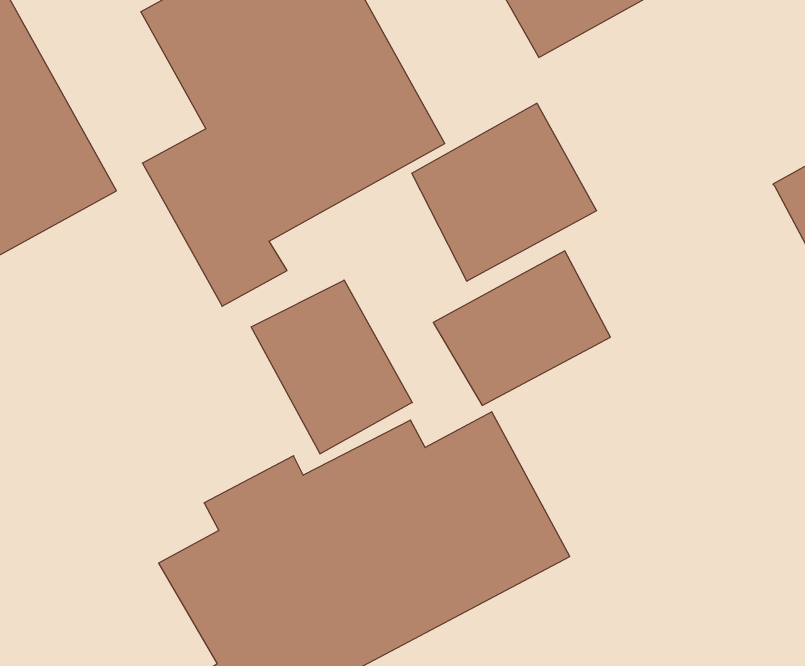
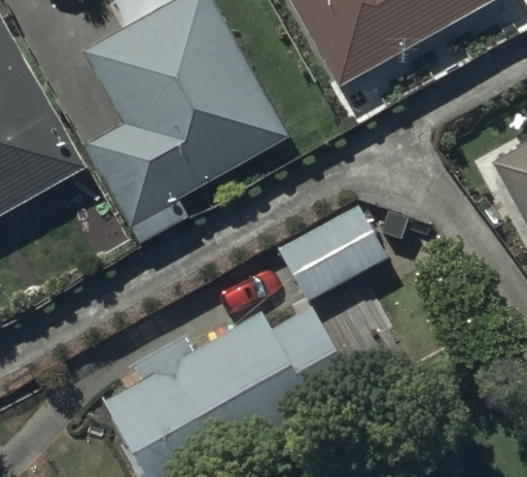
building: [412,103,597,281] -> none
building: [251,280,412,454] -> none

